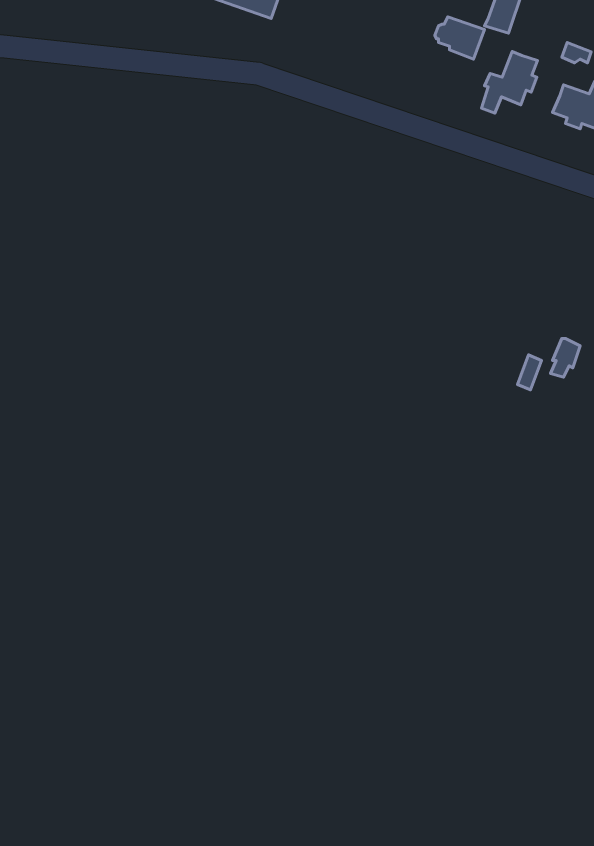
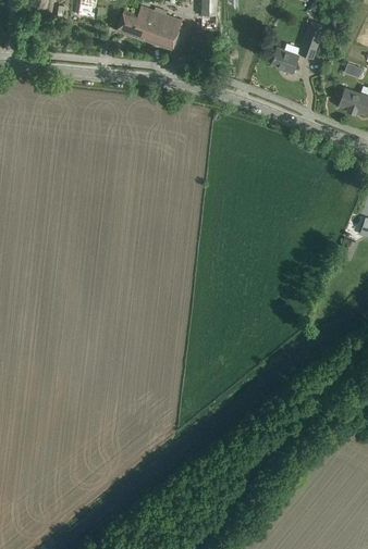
building: [482,52,537,113] -> none

